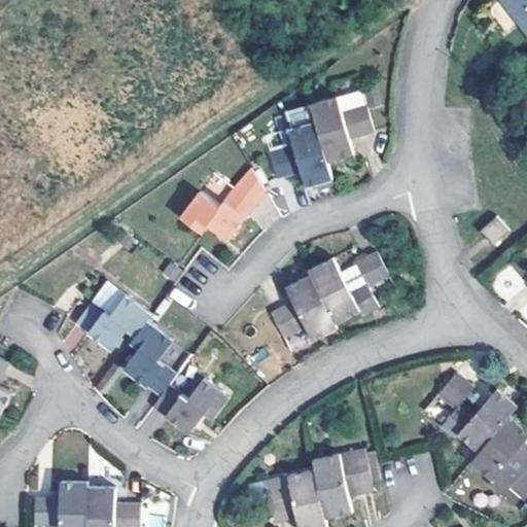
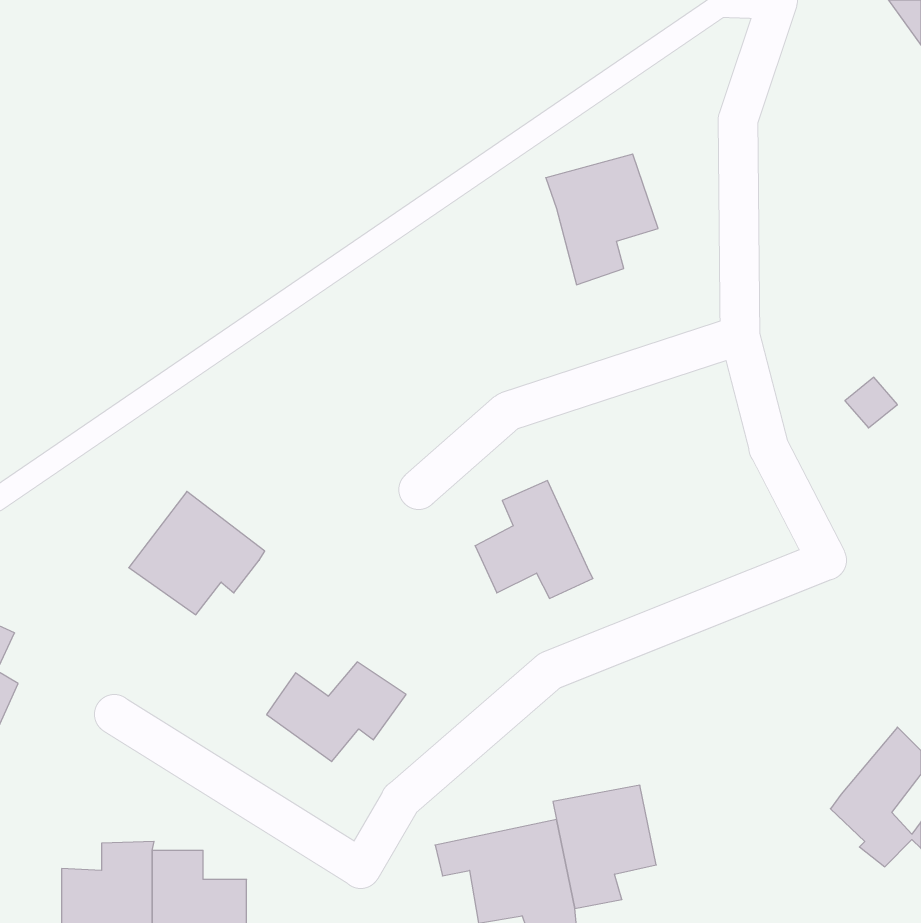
building: [267,120,332,188] -> none
building: [177,167,265,242] -> none
building: [308,250,390,324] -> none
building: [122,320,178,397] -> none
building: [436,371,517,453] -> none

